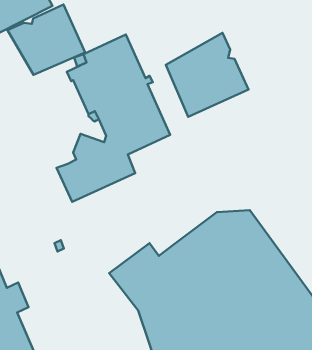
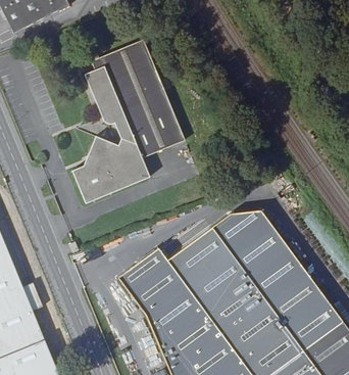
building: [7,5,85,75] -> none
building: [166,33,249,117] -> none

